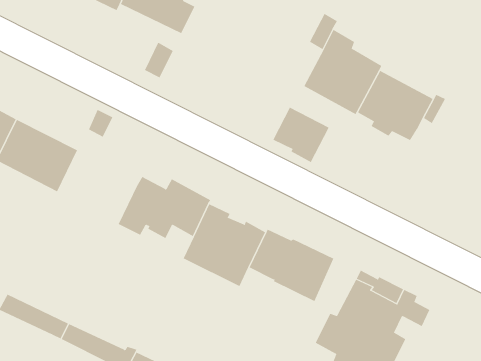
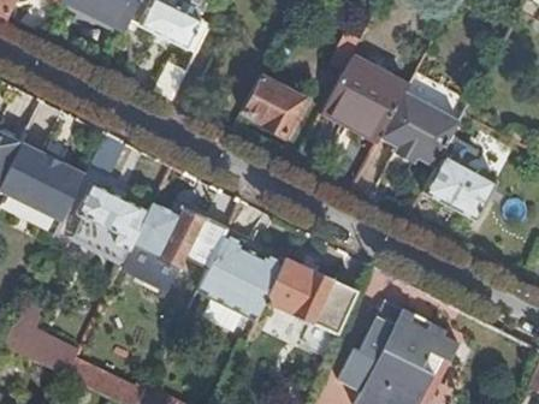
building: [272,107,329,163] -> [243,77,303,136]
building: none -> [424,154,497,221]
building: none -> [76,184,149,261]

